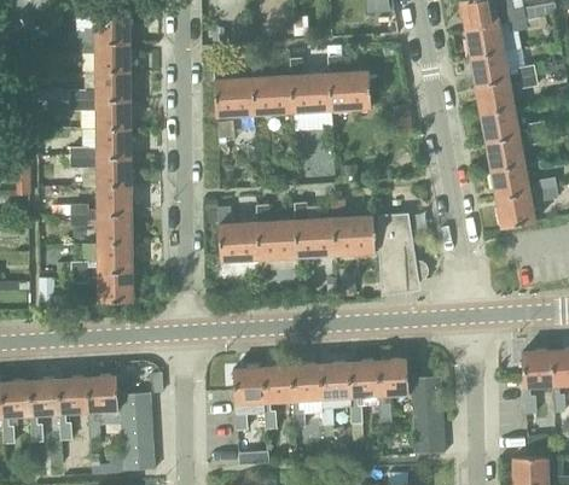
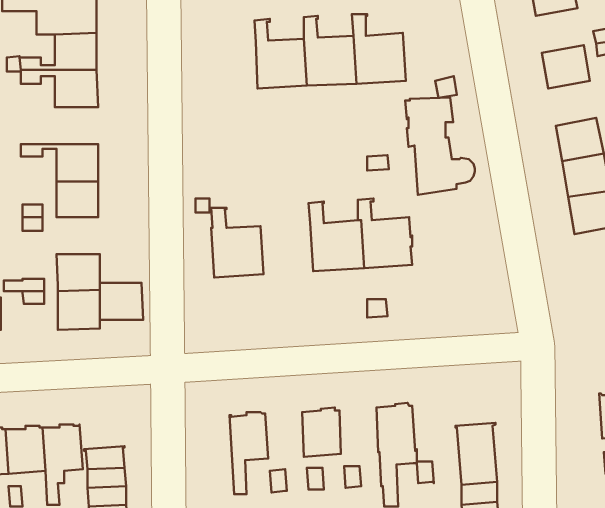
building: [471,52,509,87] -> none
building: [213,63,254,117] -> none
building: [481,109,518,144] -> none
building: [69,129,129,158] -> none
building: [256,205,297,259] -> none
building: [372,214,426,290] -> [405,97,475,195]
building: [97,215,130,244] -> [100,283,143,320]
building: [375,358,407,397] -> none
building: [318,362,348,399] -> none
building: [260,364,290,403] -> none

